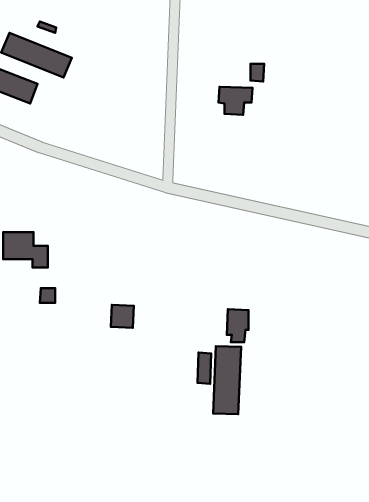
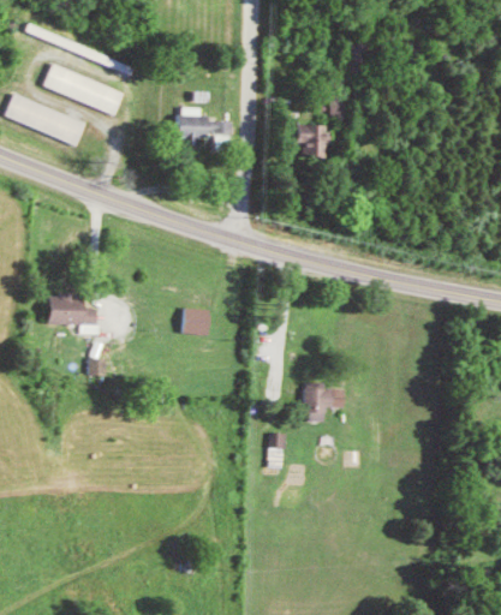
building: none -> [177,107,232,145]
building: [111,305,134,328] -> [181,308,208,334]
building: [213,346,241,414] -> none

